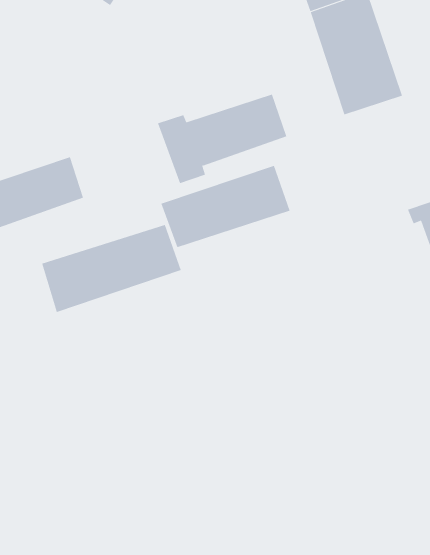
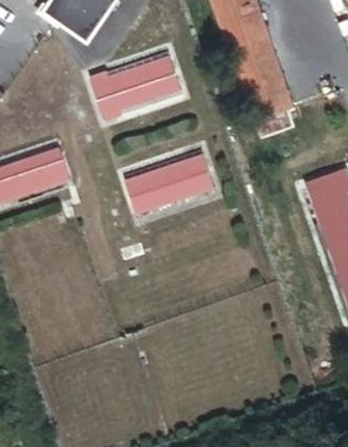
building: [157,94,287,184] -> [89,56,180,119]
building: [42,224,182,313] -> none

